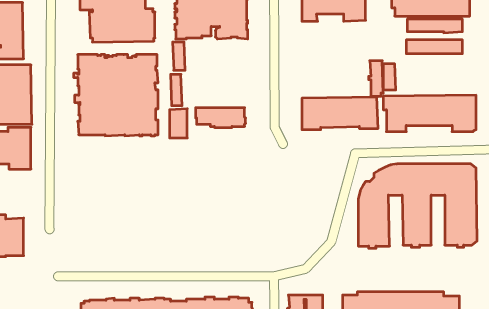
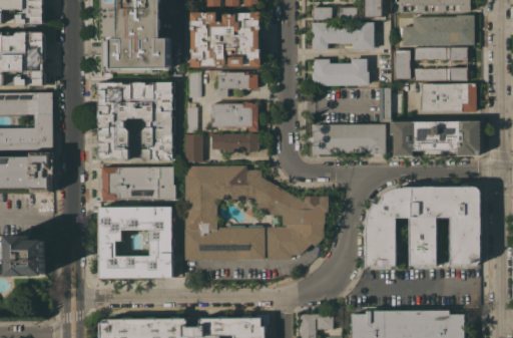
building: none -> [394,50,410,79]
building: none -> [312,59,369,86]
building: none -> [216,71,258,97]
building: none -> [421,83,476,112]
building: none -> [211,102,258,131]
building: none -> [184,165,328,260]
building: none -> [99,166,175,201]
building: none -> [98,207,172,278]

